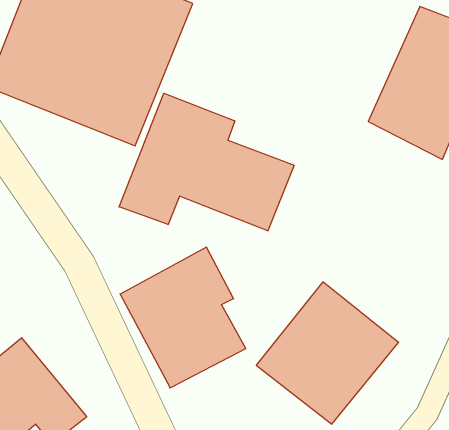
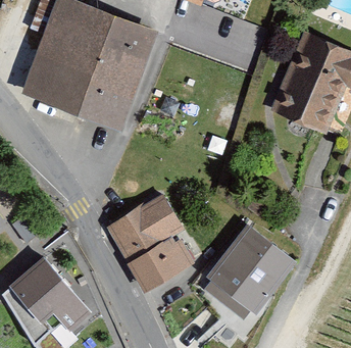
building: [119,93,294,231] -> none

